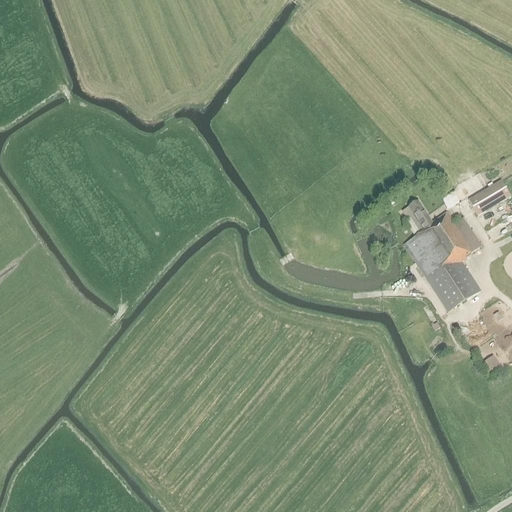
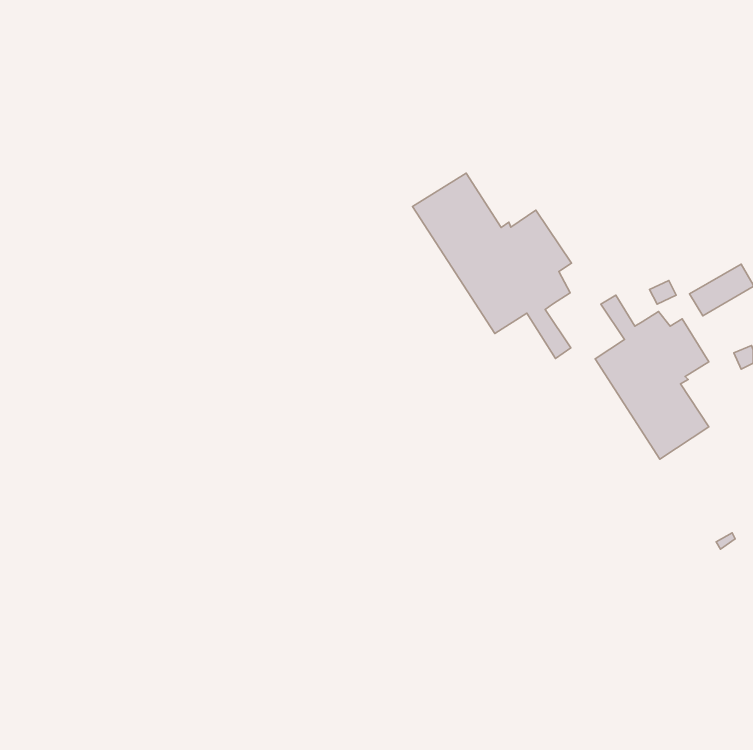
building: none -> [413,173,571,359]

